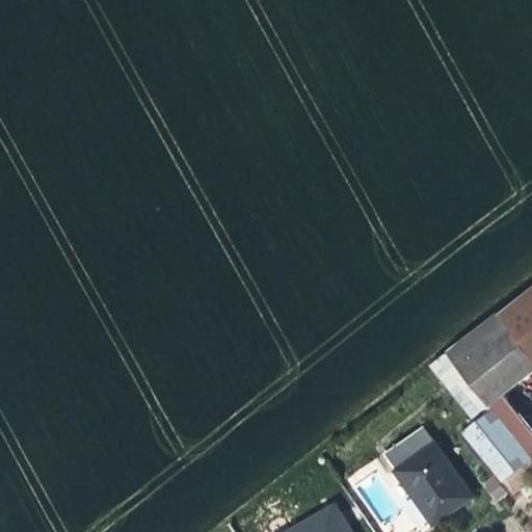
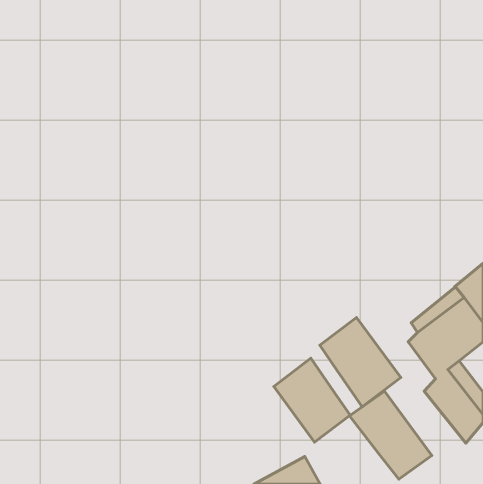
building: none -> [320,317,401,407]
building: none -> [274,358,350,442]

